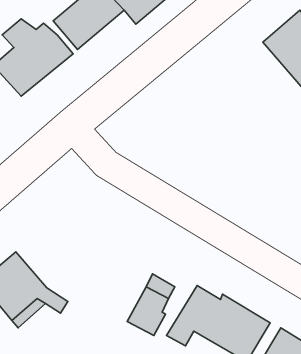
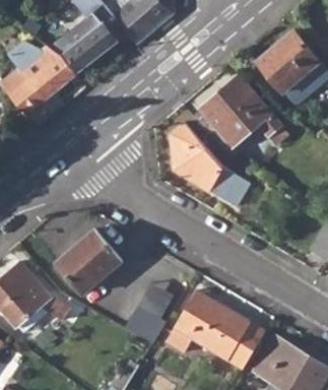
building: none -> [200,76,279,146]
building: none -> [172,124,250,206]
building: none -> [57,230,122,294]

